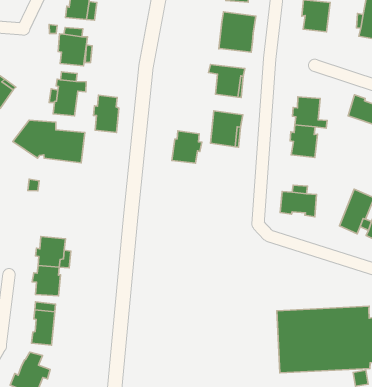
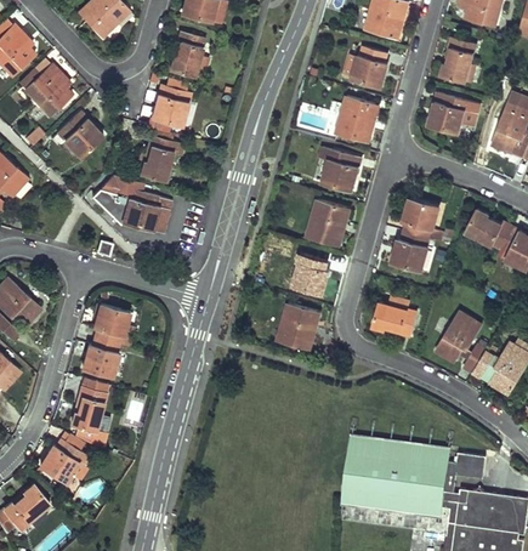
building: [94,95,119,132] -> none
building: [172,131,202,163] -> [291,254,328,292]
building: none -> [277,303,316,348]

